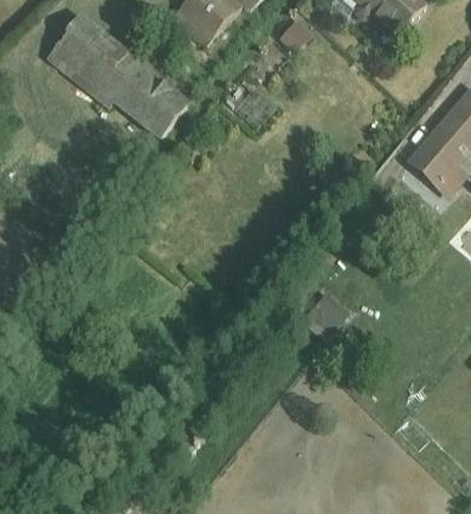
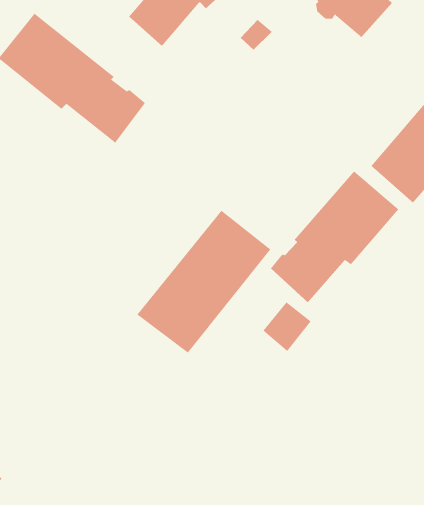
building: none -> [270,170,399,303]
building: none -> [136,210,271,354]

